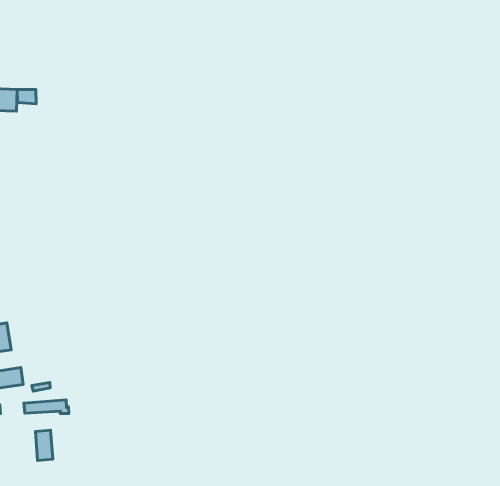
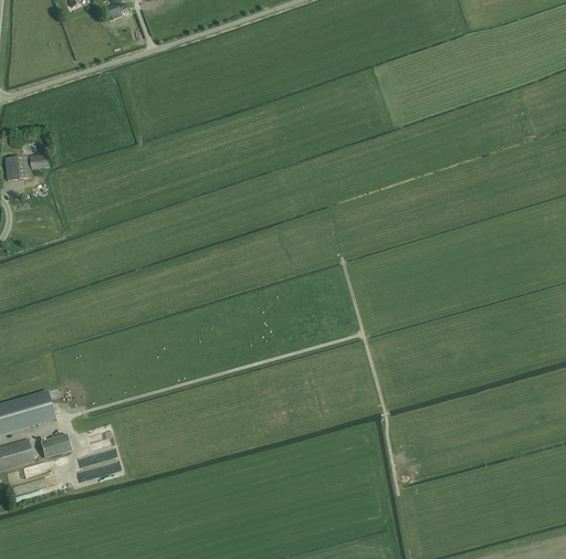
building: [35,430,53,461] -> none

